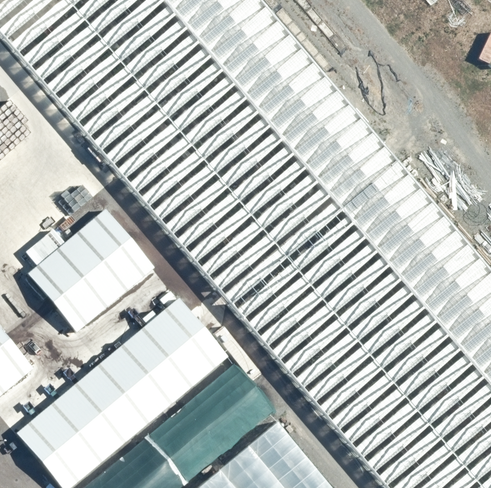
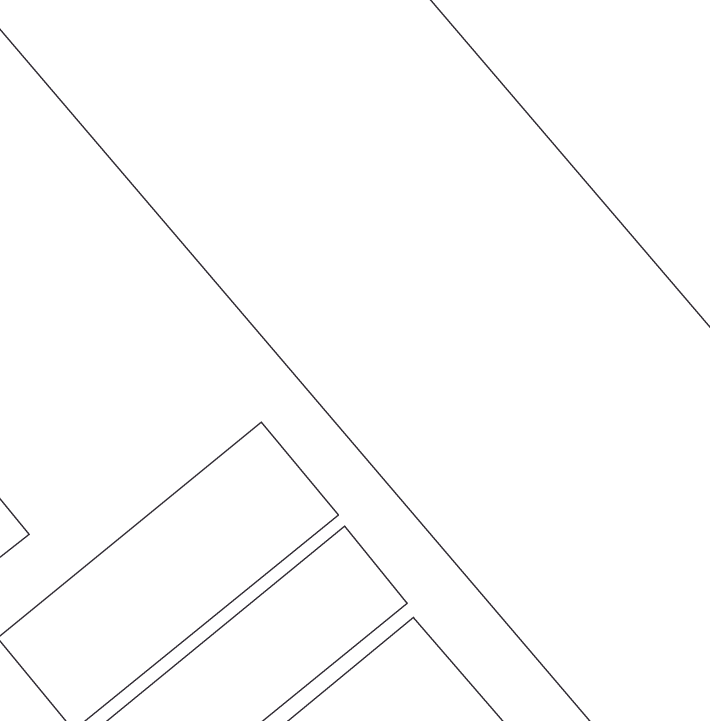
building: [28,208,156,332] -> none

